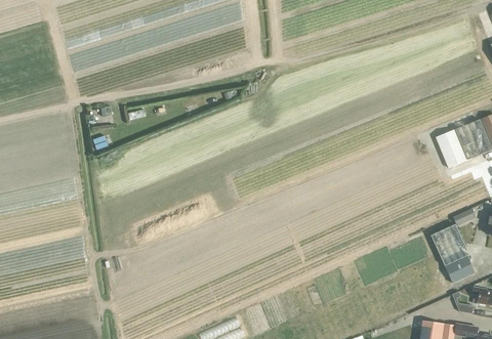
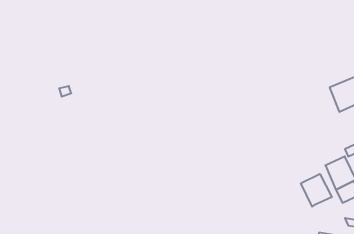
building: none -> [301,174,332,207]

